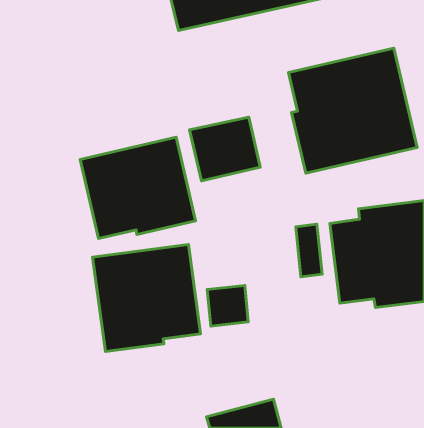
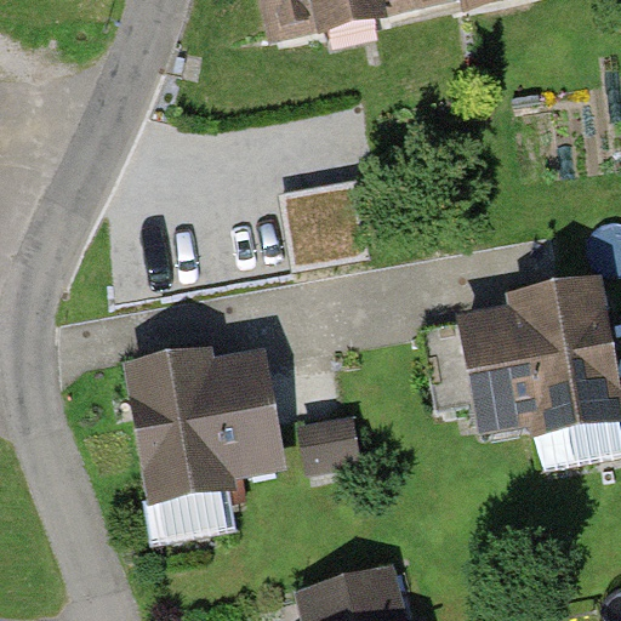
building: [289,48,417,173] -> none
building: [80,137,195,238] -> none

